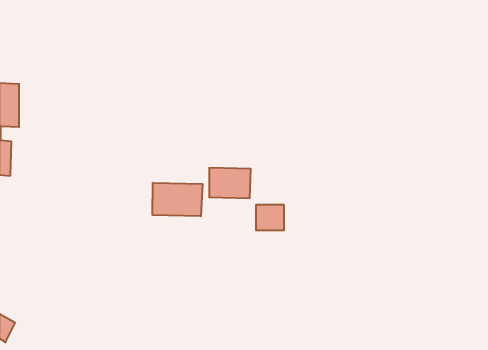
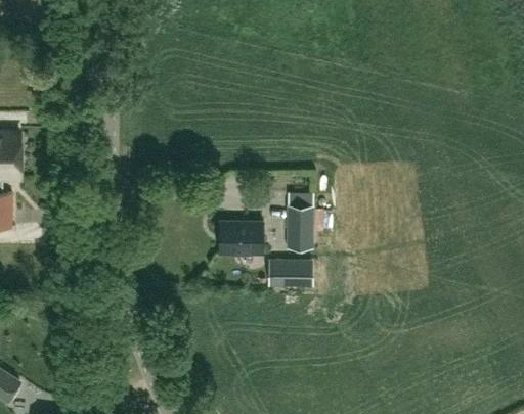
building: none -> [287,205,314,247]
building: [153,183,202,216] -> none

